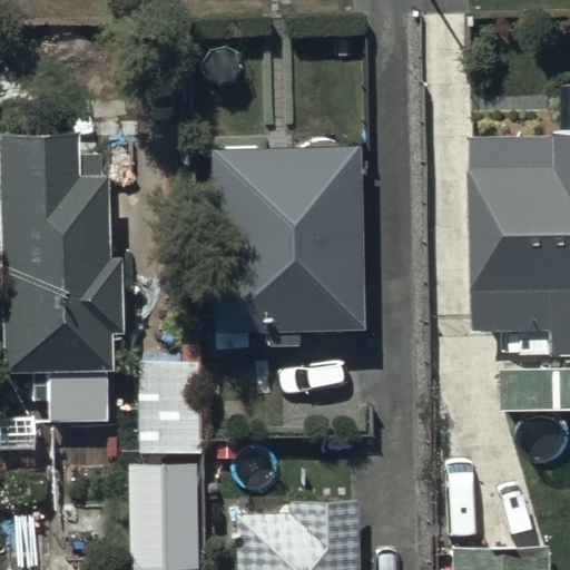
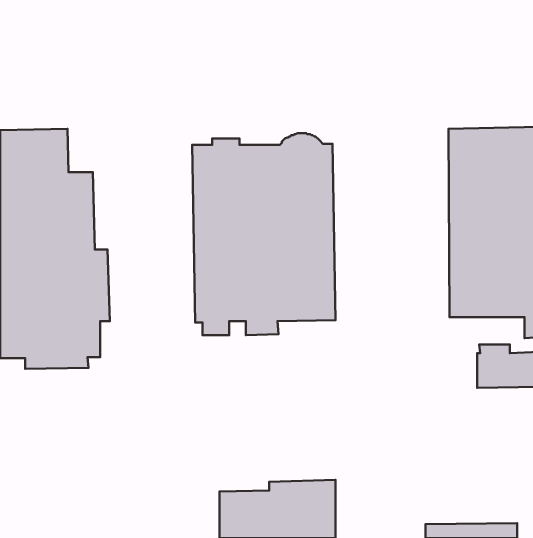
building: [132,459,200,562] -> none

